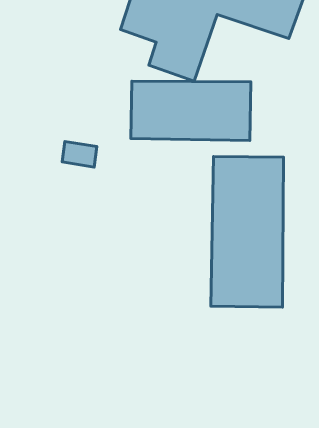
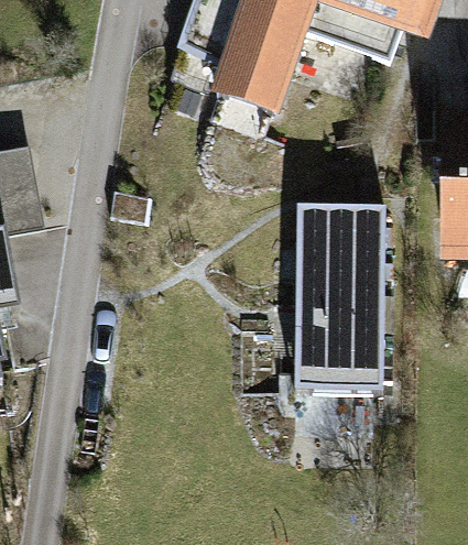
building: [131,81,251,141] -> none

